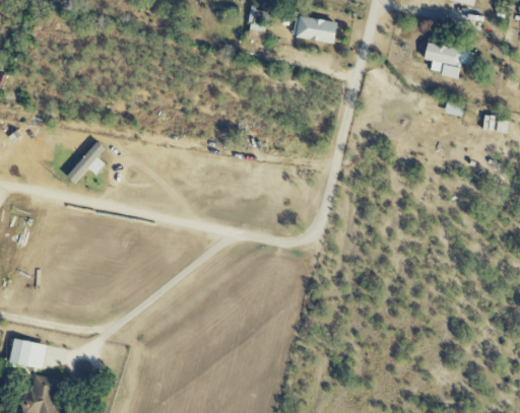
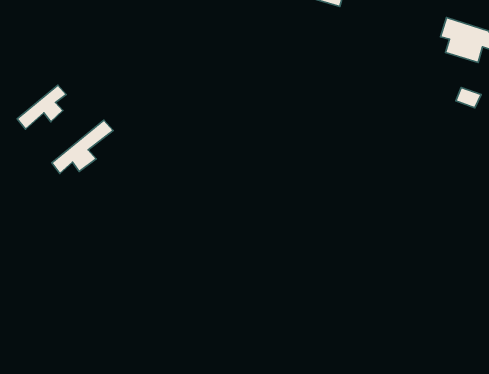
building: none -> [52,120,113,173]

